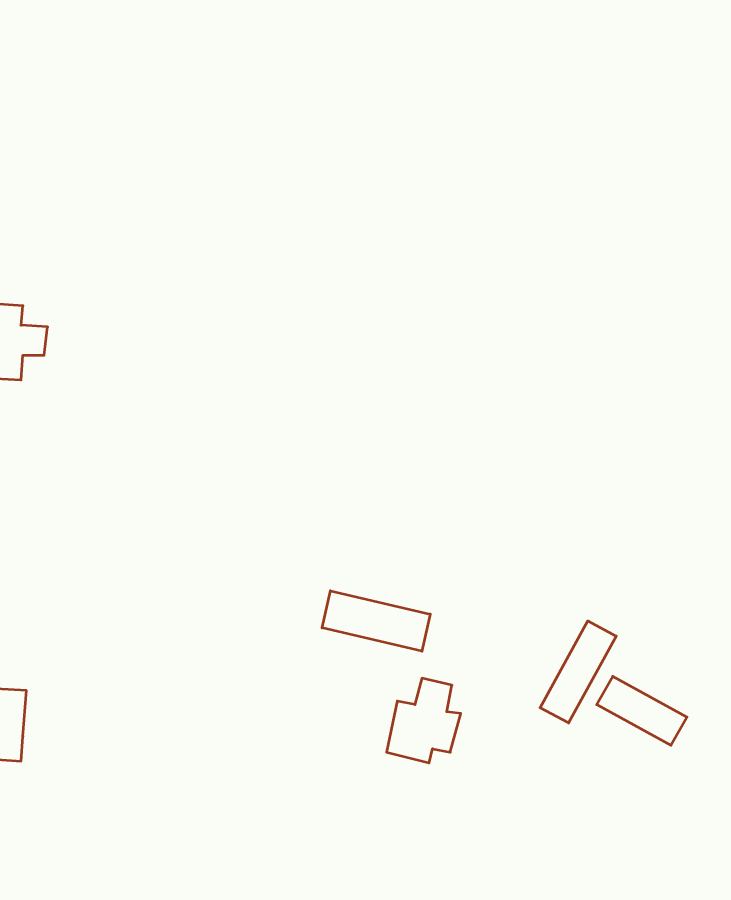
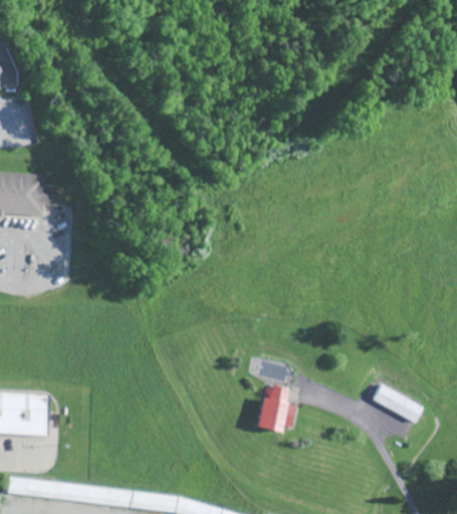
building: [322,591,430,651] -> none
building: [540,621,616,723] -> none

